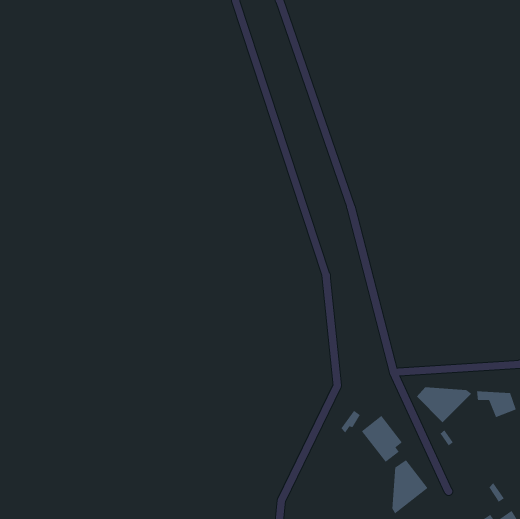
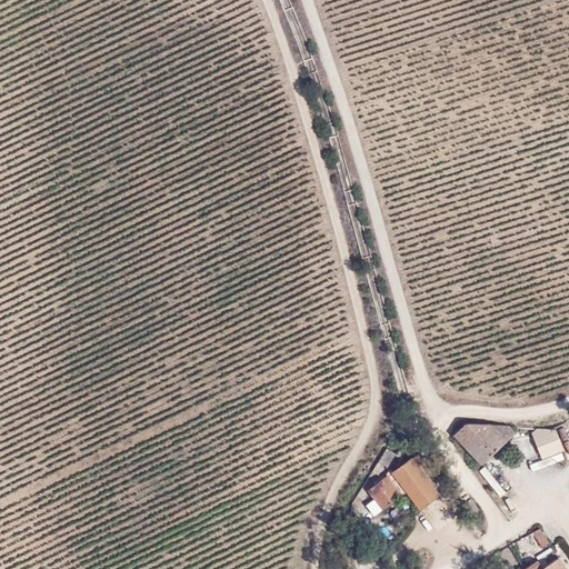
building: none -> [367,478,399,516]
building: [392,459,429,514] -> none

